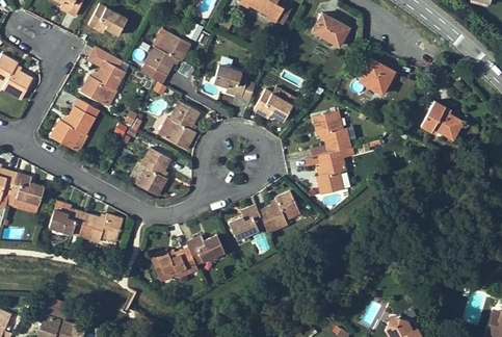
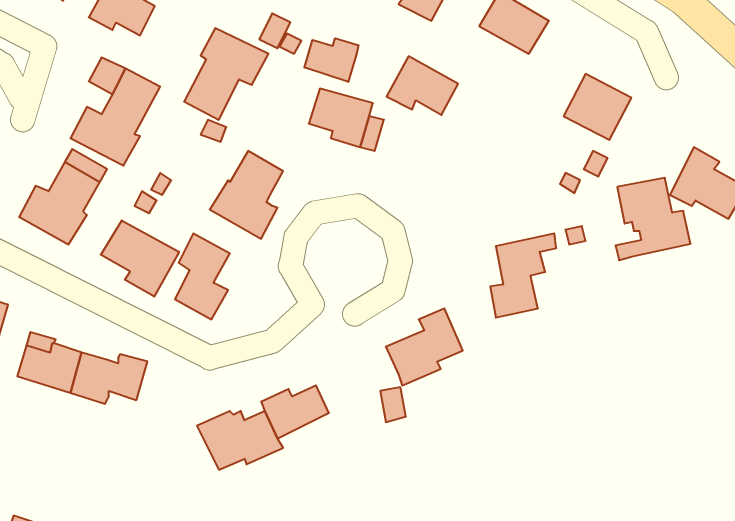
building: none -> [304,38,359,82]
building: [254,87,294,121] -> [387,56,458,115]
building: [311,109,353,156] -> [615,178,691,260]
building: none -> [101,220,179,297]
building: [230,206,265,239] -> none

